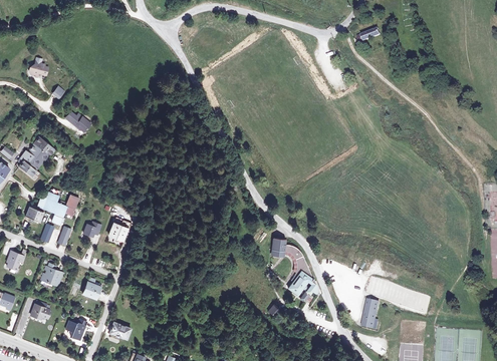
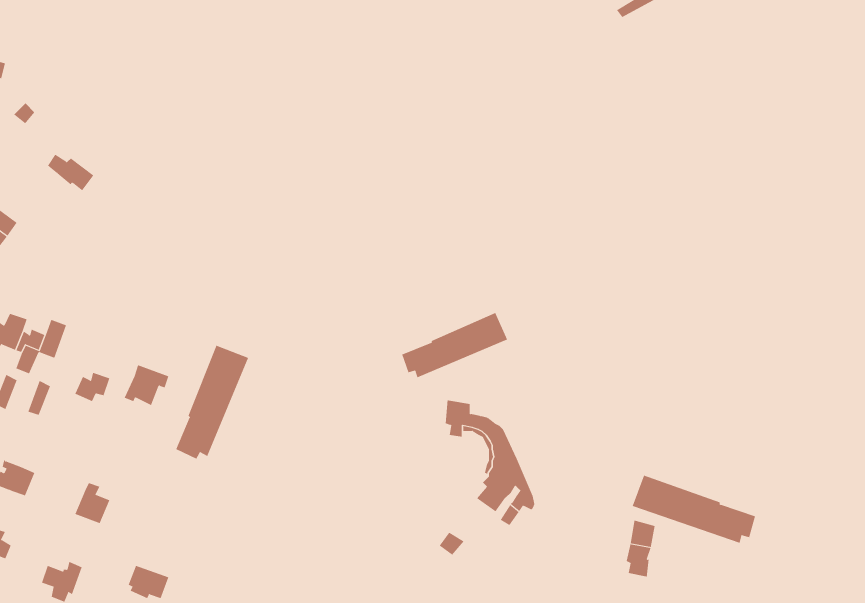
building: none -> [402,312,508,378]
building: none -> [175,345,249,460]

